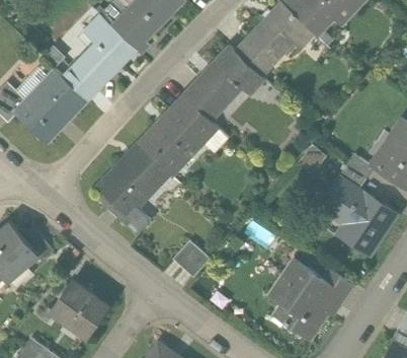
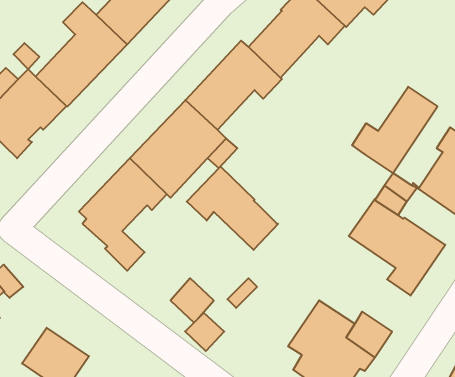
building: none -> [352,87,437,173]
building: none -> [187,166,278,250]
building: none -> [185,313,224,351]

